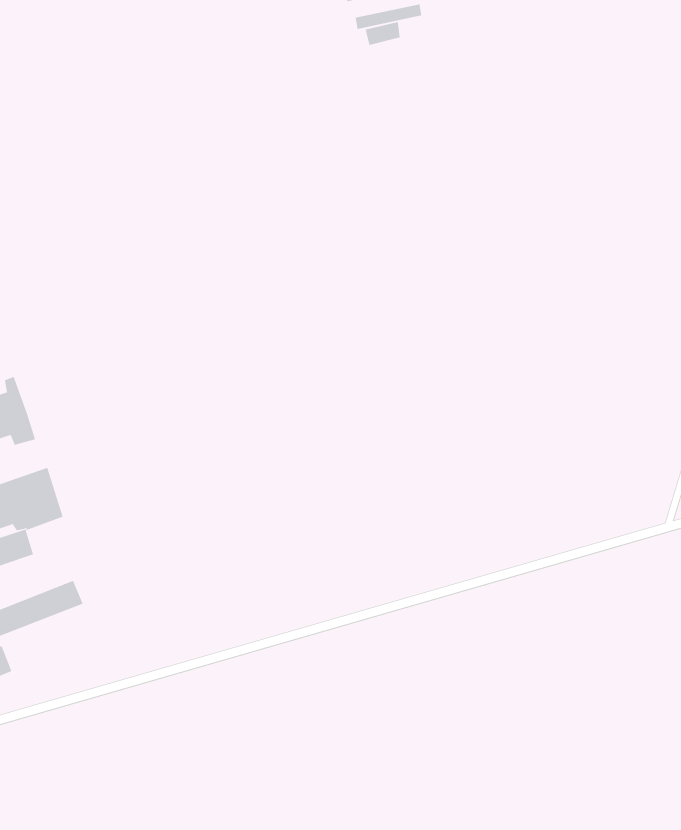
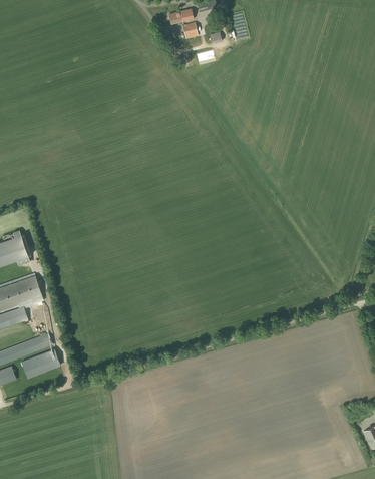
building: none -> [21,349,59,378]

